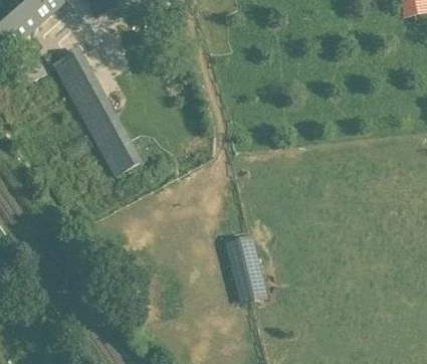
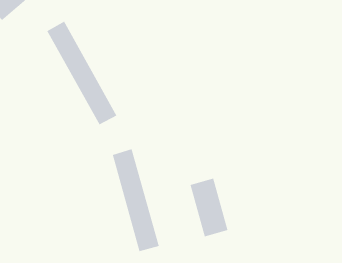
building: none -> [112,148,160,252]

